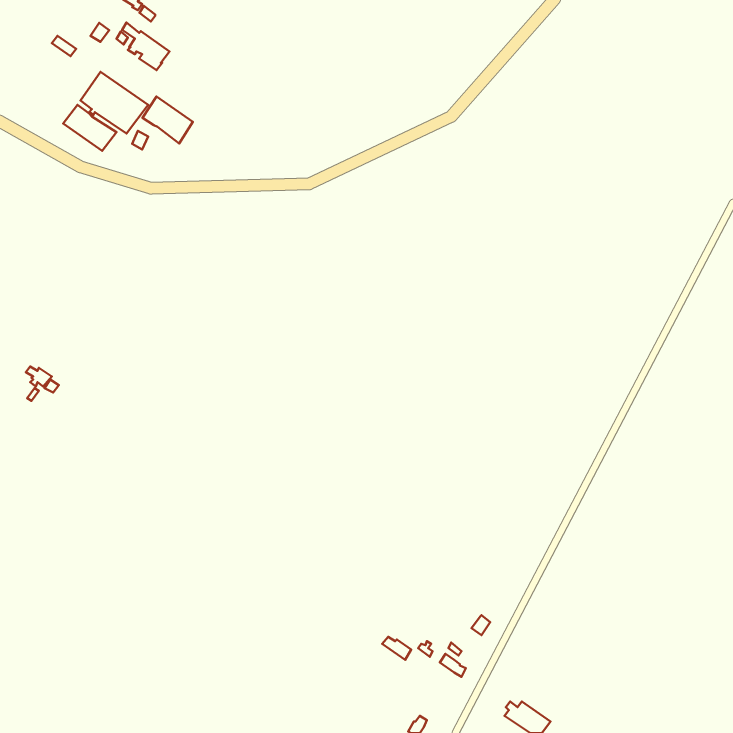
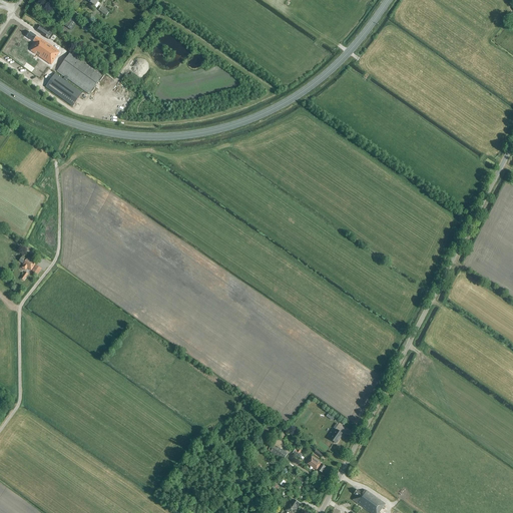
building: [122,23,169,70] -> [26,31,59,64]
building: [143,97,193,143] -> none

